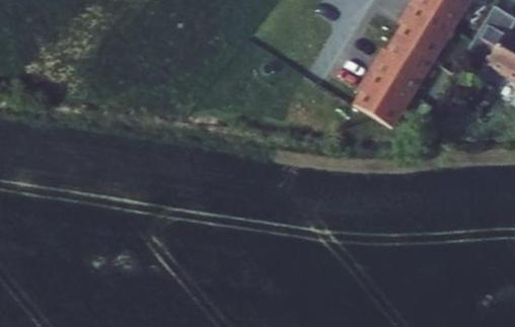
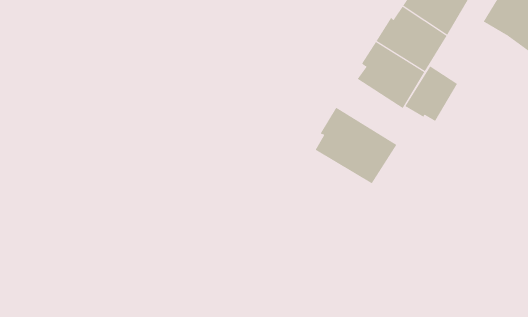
building: none -> [405,66,458,122]
building: none -> [315,107,397,184]

